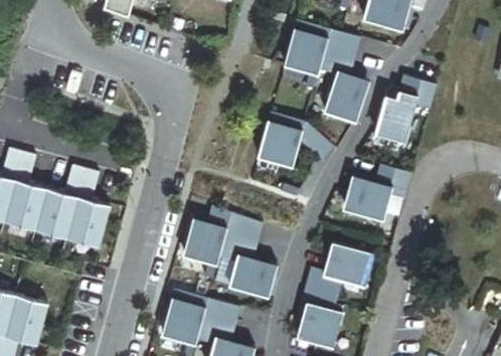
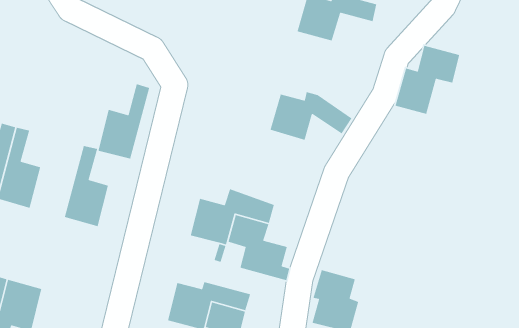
building: [317,47,365,118] -> none
building: [345,165,411,219] -> none
building: [34,166,84,237] -> [97,83,150,160]
building: [306,244,373,295] -> none

